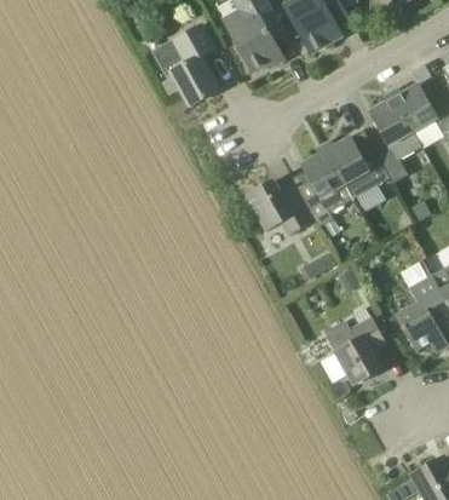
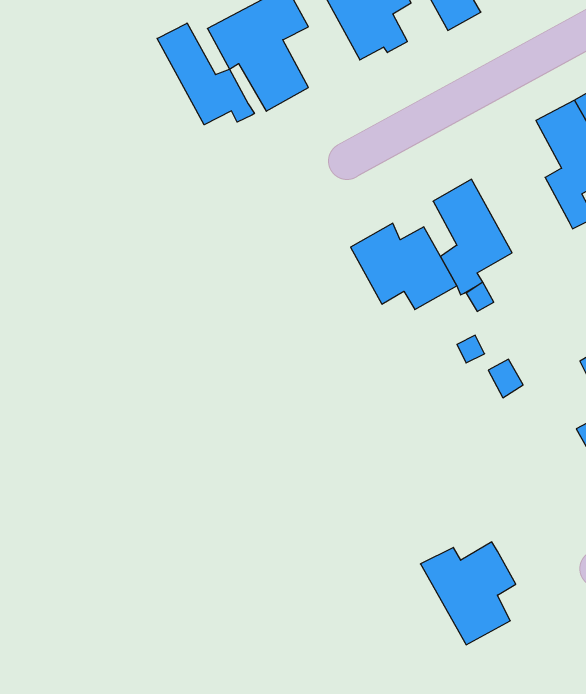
building: none -> [157,23,254,125]
building: [327,130,391,197] -> none
building: [324,316,387,384] -> [420,542,516,645]

